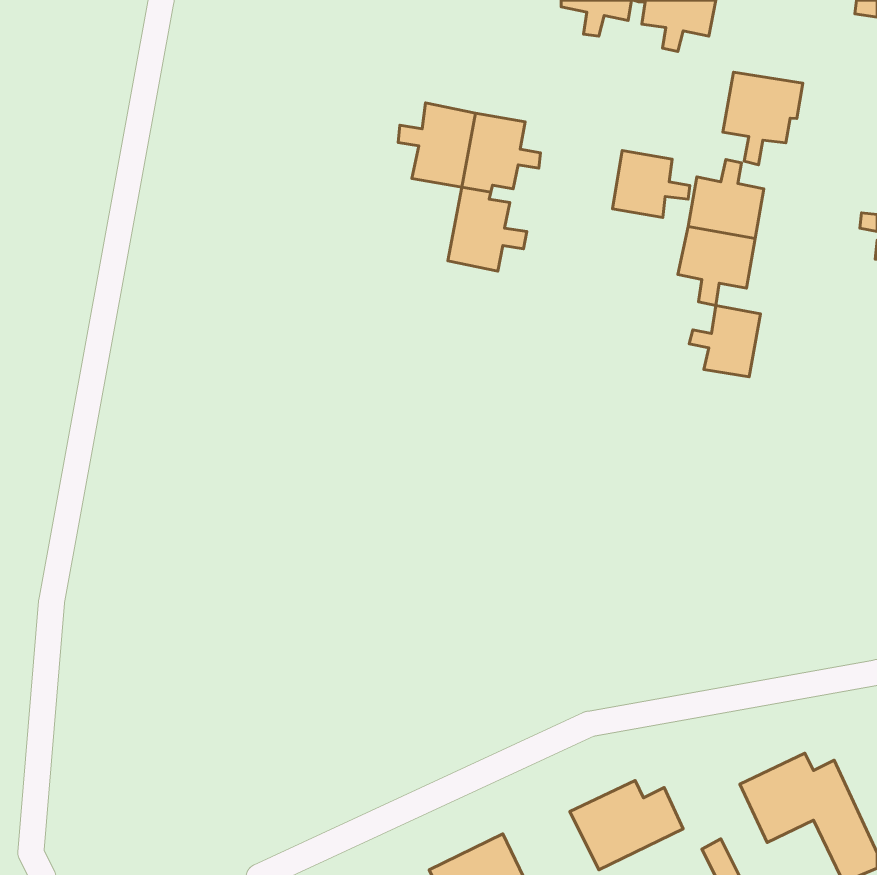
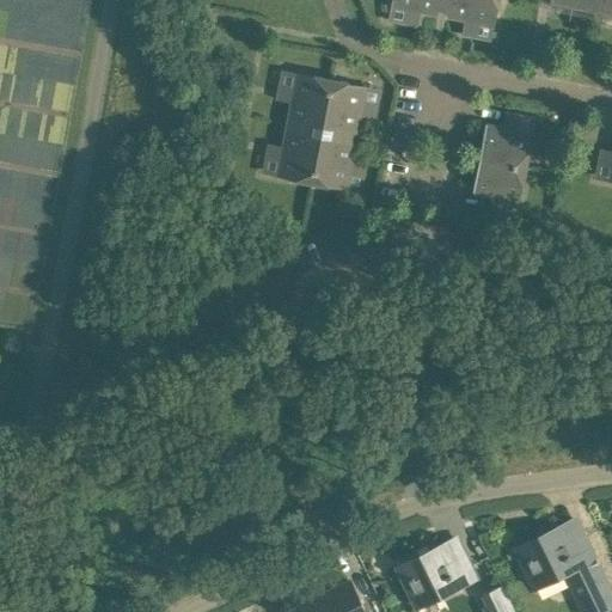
building: [723,72,803,165] -> none
building: [613,151,690,218] -> none
building: none -> [267,126,322,183]
building: [689,305,760,377] -> none

